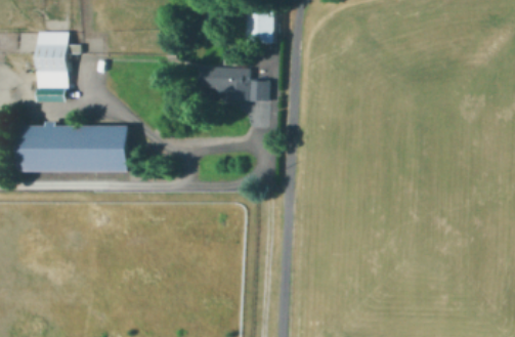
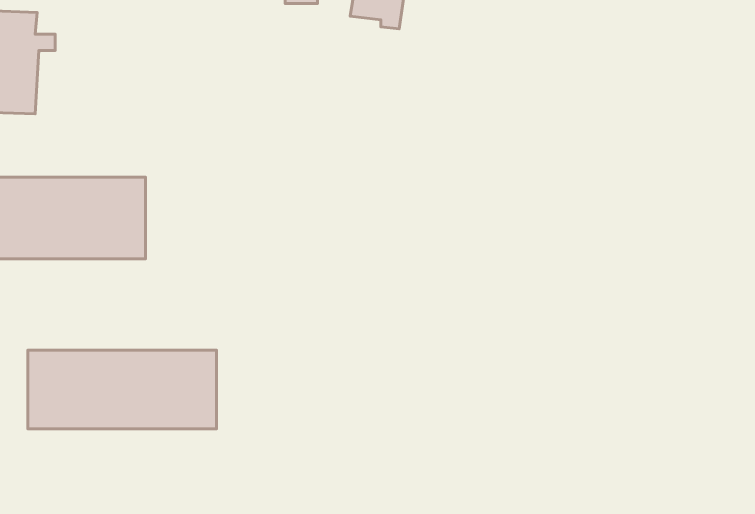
building: [199,69,265,98] -> none
building: none -> [28,350,216,429]

